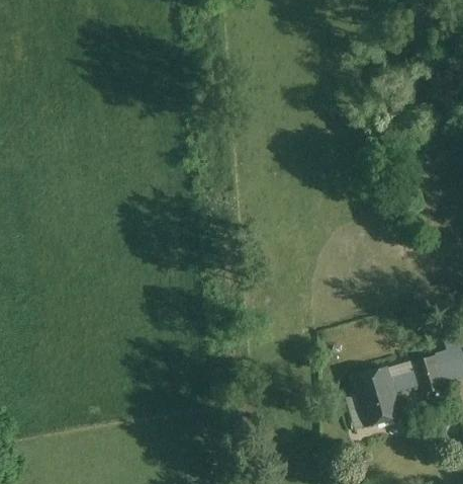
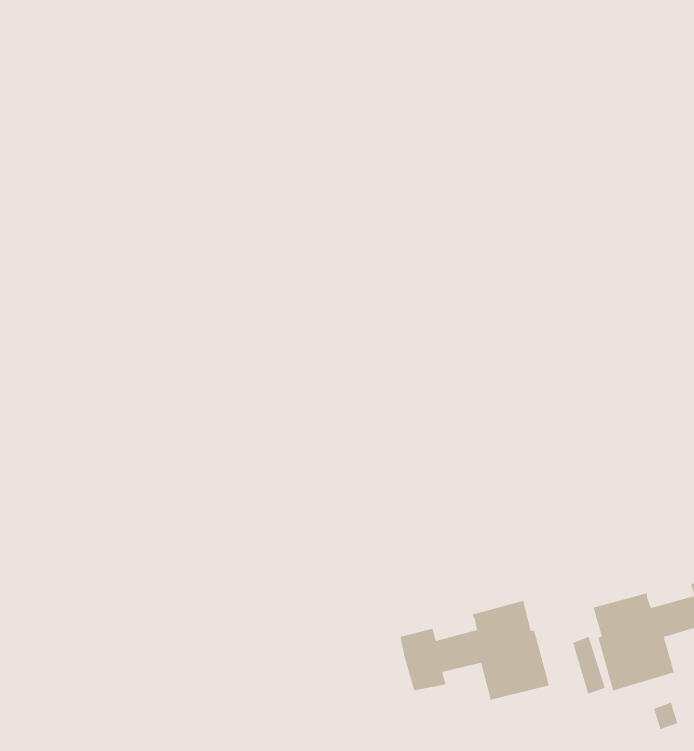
building: none -> [399,600,550,701]

